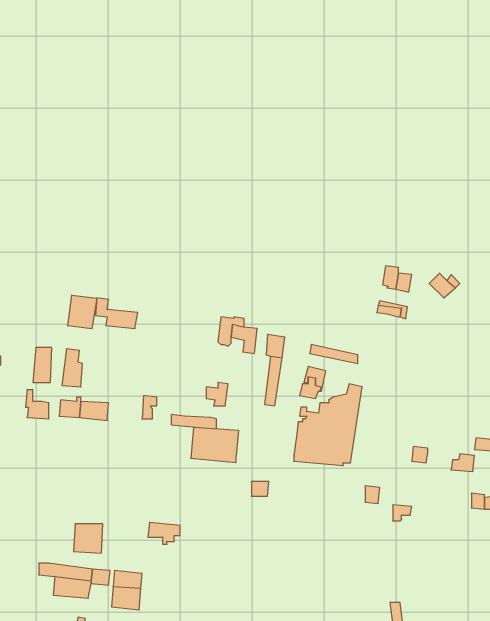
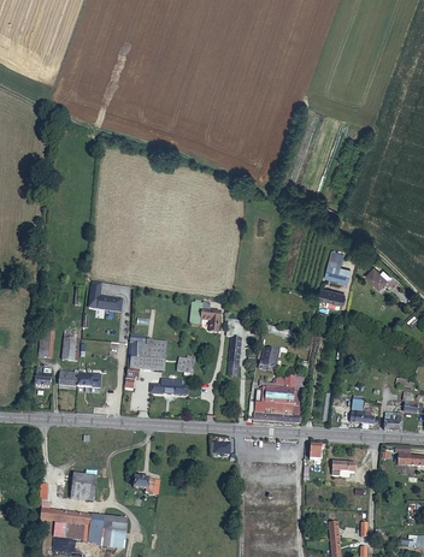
building: [68,295,97,329] -> none
building: [191,428,239,463] -> [129,340,169,369]

